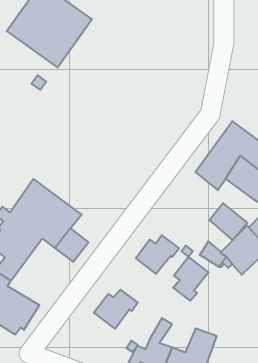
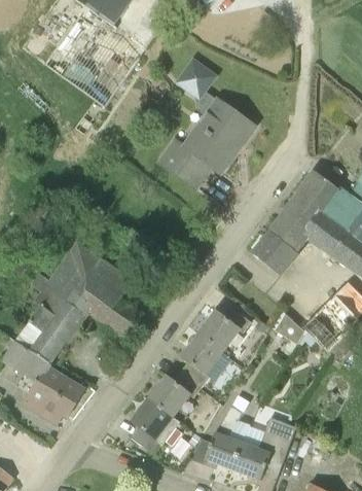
building: none -> [158,63,253,187]
building: [209,203,247,240] -> [253,231,298,275]
building: [173,257,208,301] -> [180,334,222,386]
building: none -> [130,398,179,452]

